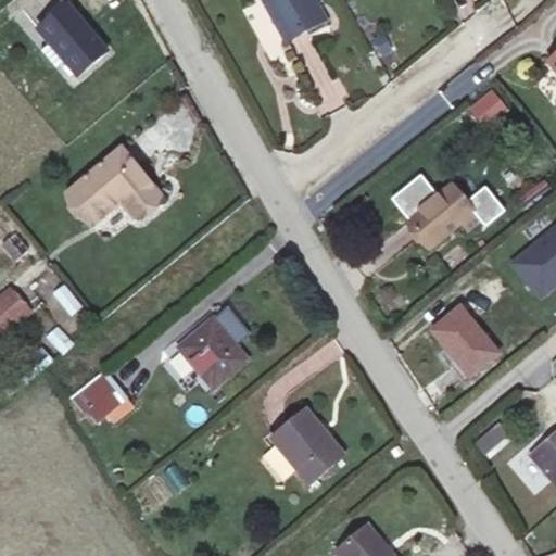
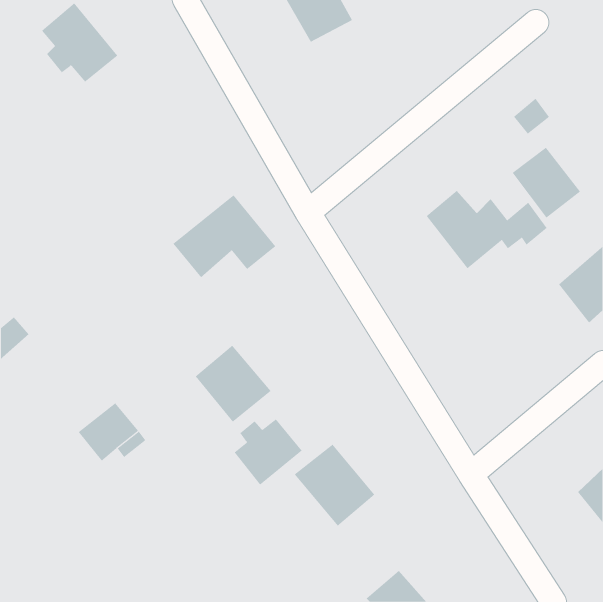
building: none -> [512,147,581,219]
building: [66,148,162,225] -> [172,194,276,278]
building: [432,305,500,377] -> none
building: none -> [234,418,302,486]

